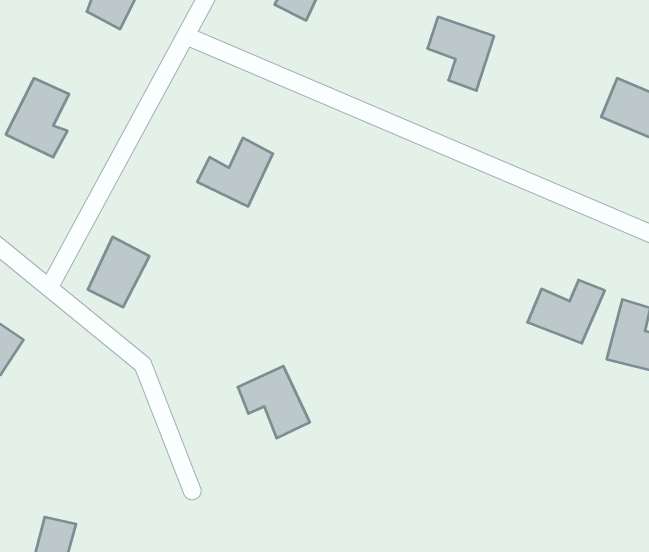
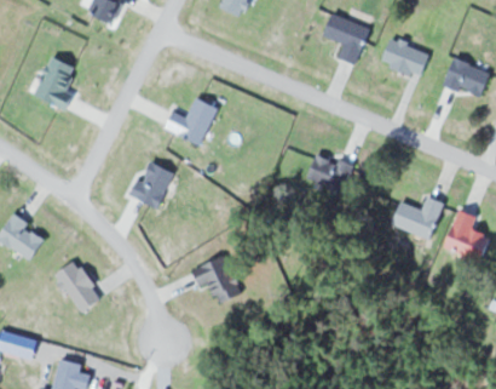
building: none -> [379,35,428,79]
building: none -> [305,153,352,191]
building: [88,237,149,307] -> [131,160,173,208]
building: none -> [53,259,100,313]

